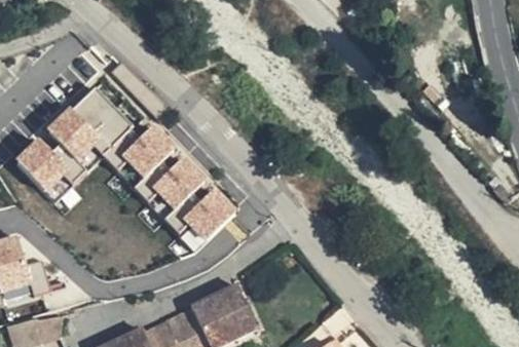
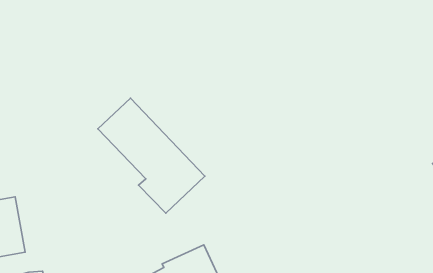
building: [11,84,132,200] -> none

